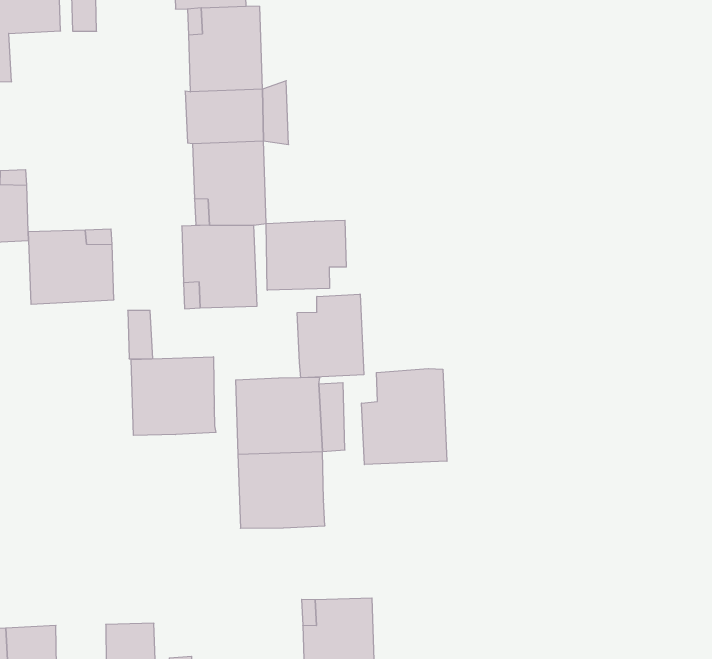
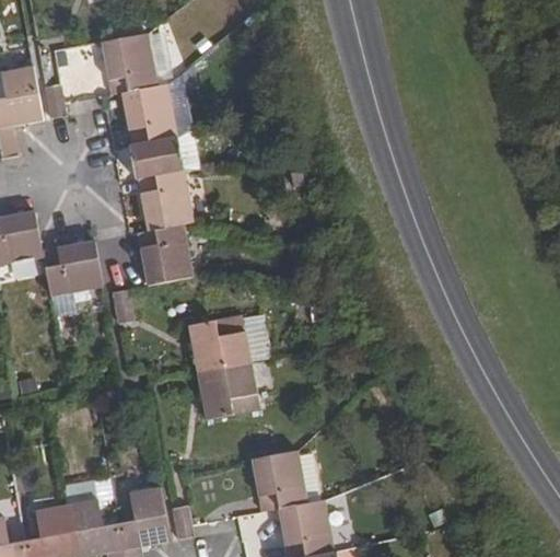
building: [266,220,346,290] -> none
building: [297,294,364,378] -> none
building: [131,357,216,435] -> none
building: [362,369,447,465] -> none

